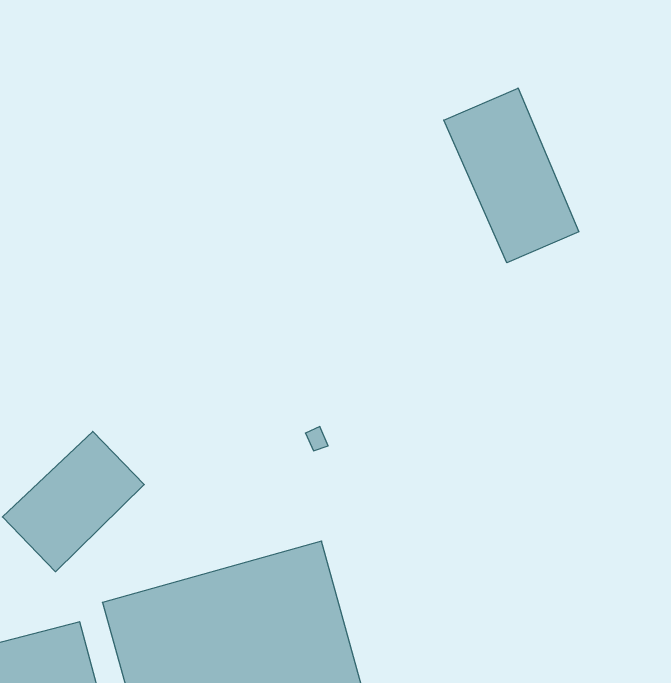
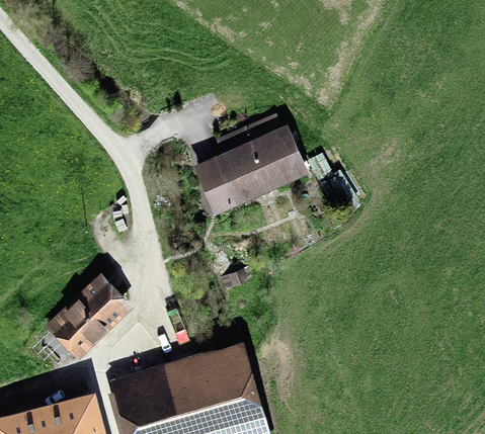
building: [444,88,579,263] -> none
building: none -> [192,116,309,215]

